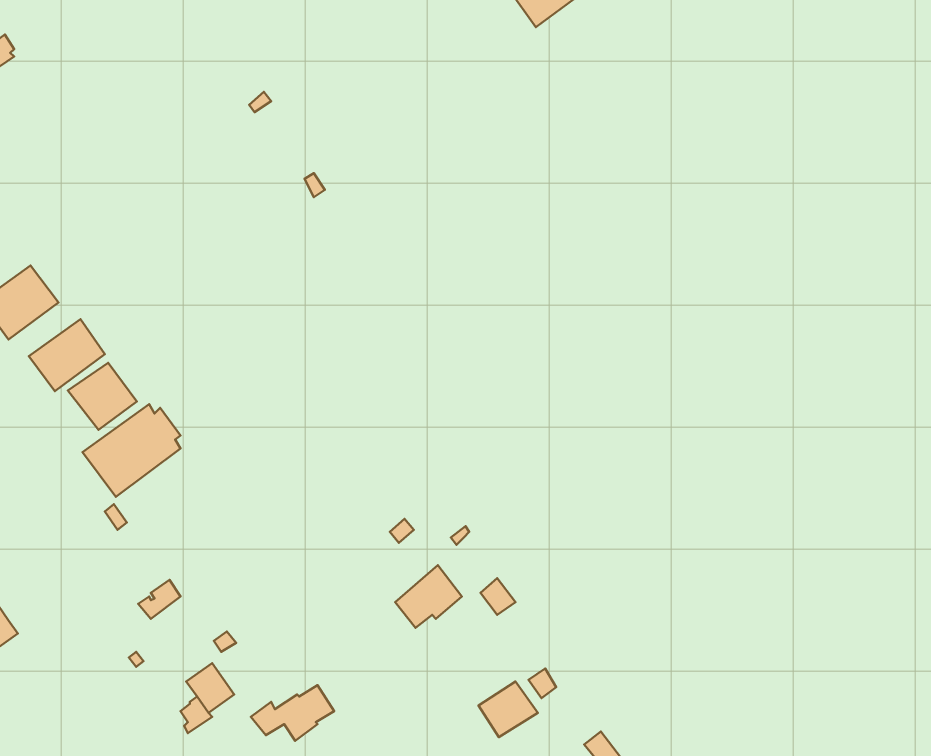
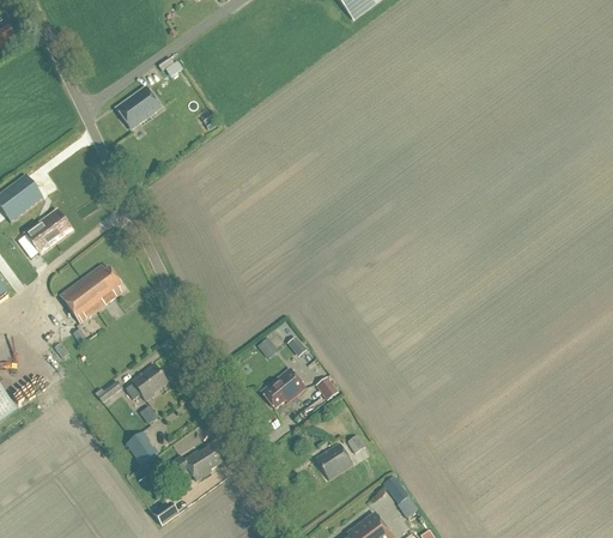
building: none -> [115,84,160,127]
building: [68,363,137,430] -> none
building: none -> [125,363,166,399]

